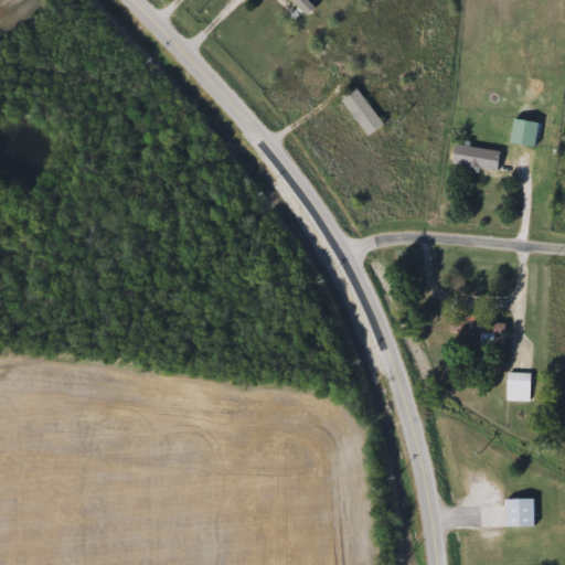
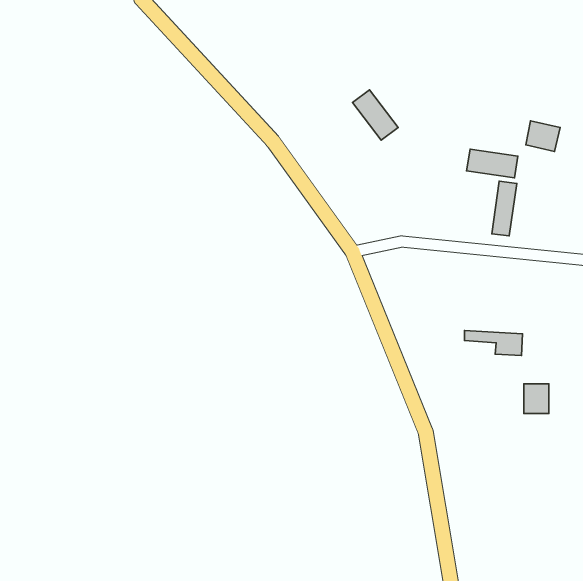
building: none -> [492,181,517,236]
building: [505,499,535,526] -> none

